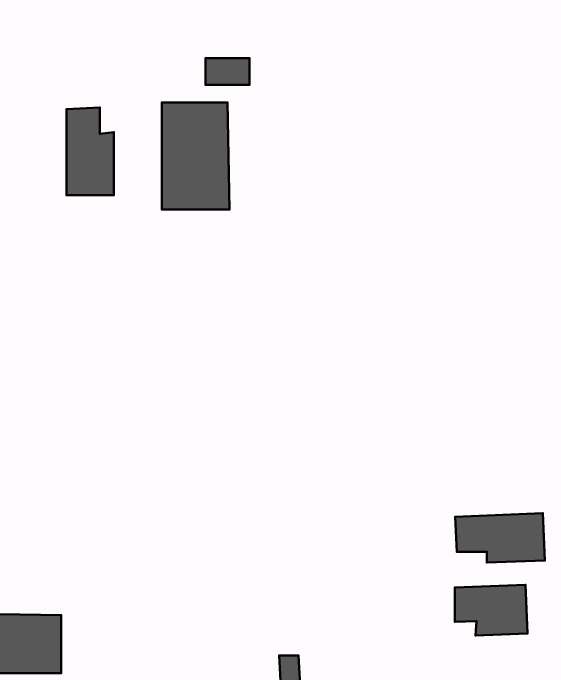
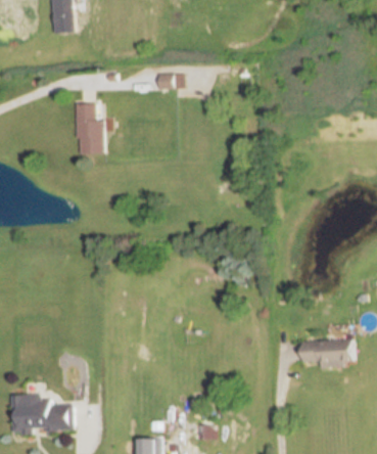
building: [162,103,229,209] -> none
building: [455,585,527,636] -> none

